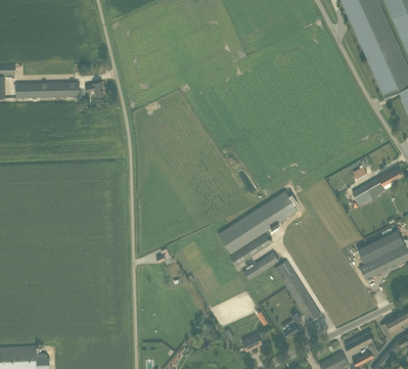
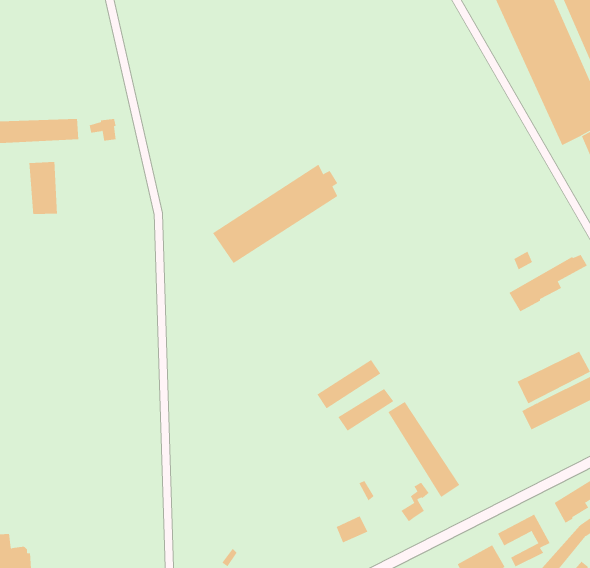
building: none -> [29,161,57,215]
building: [218,190,298,253] -> [212,164,338,264]

